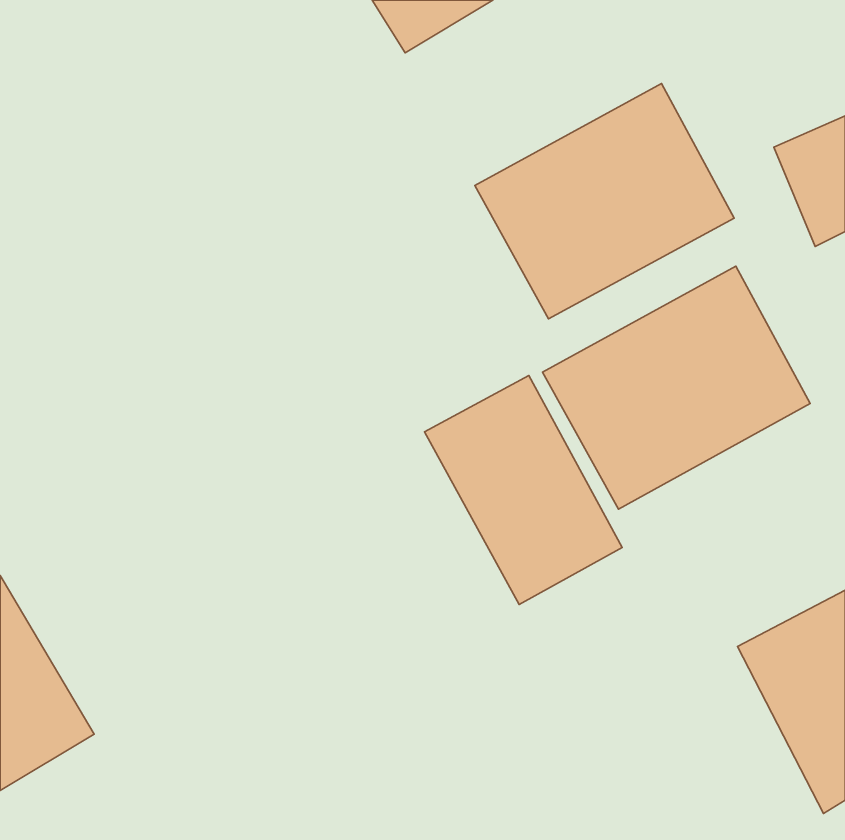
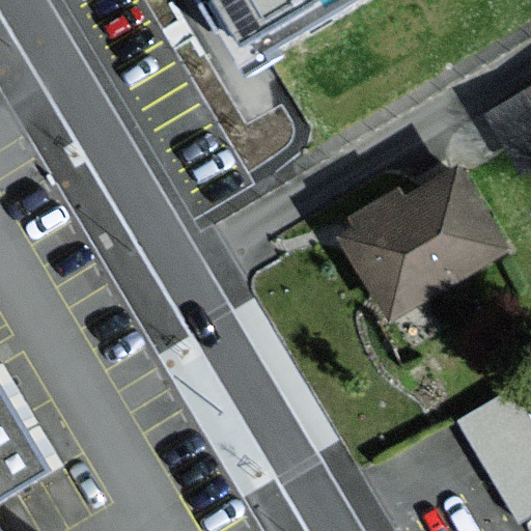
building: [475,84,734,319] -> none
building: [425,376,622,605] -> none

